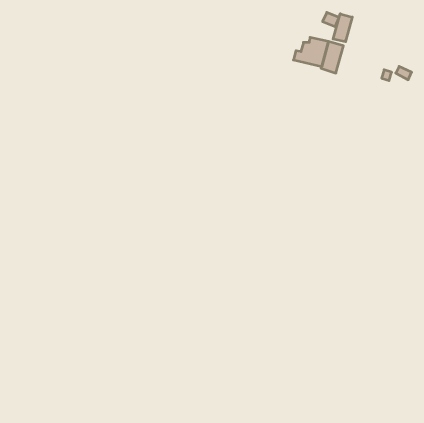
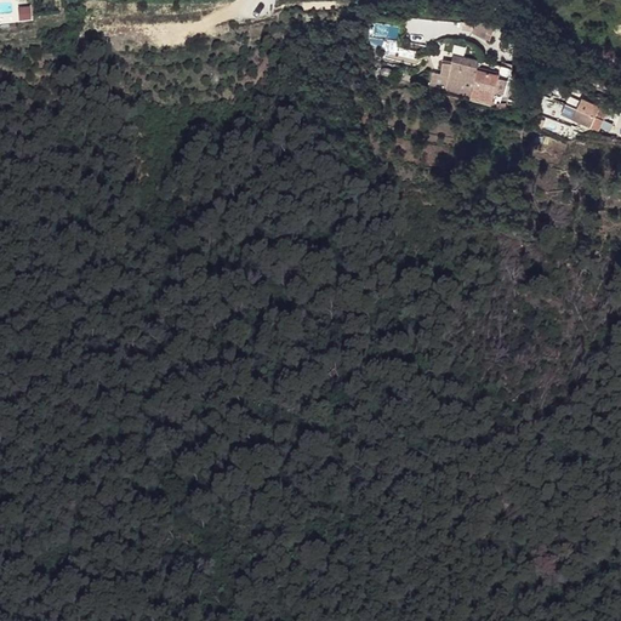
building: [333,14,352,42] -> none

